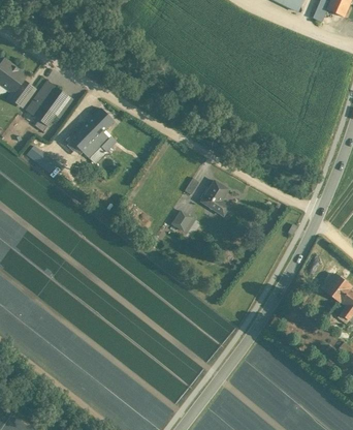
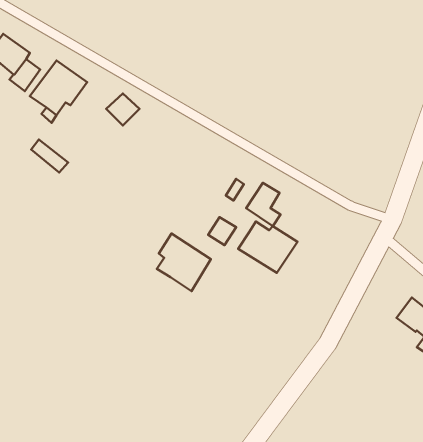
building: [71,121,109,158] -> none
building: none -> [238,221,297,273]
building: none -> [157,233,211,291]

